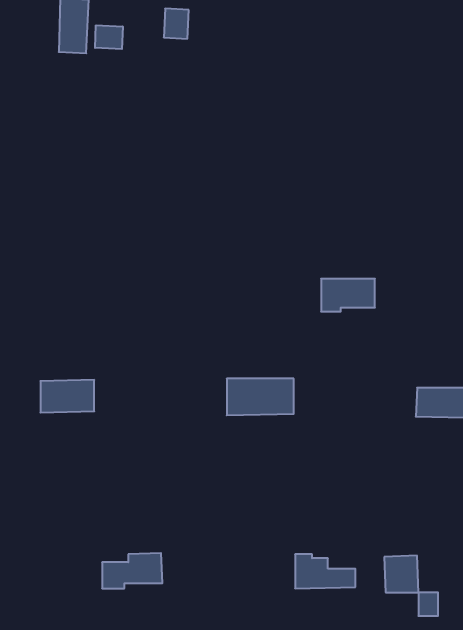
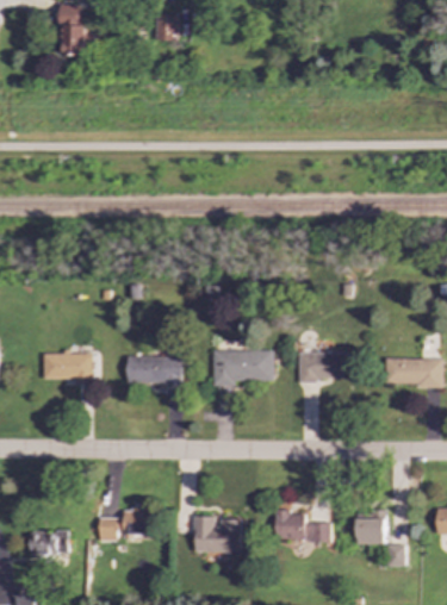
building: [95,25,123,49] -> none
building: [321,279,375,312] -> [298,353,347,382]
building: none -> [126,356,182,385]
building: none -> [193,516,240,553]
building: none -> [30,531,68,562]

